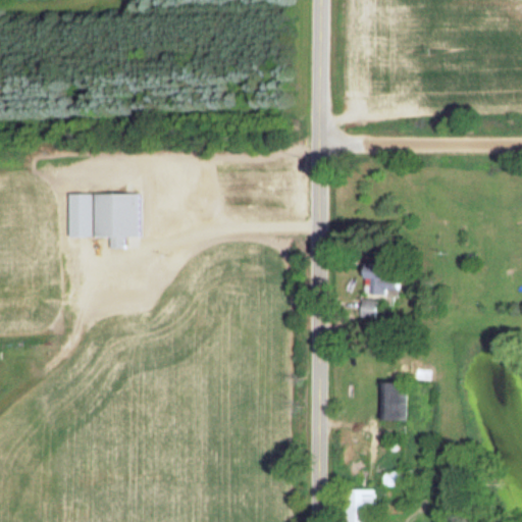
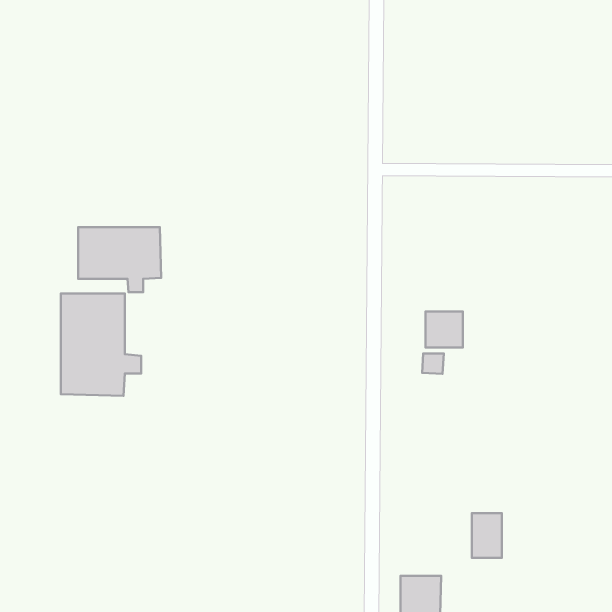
building: none -> [61,294,141,396]
building: [382,384,408,422] -> [472,513,502,558]

